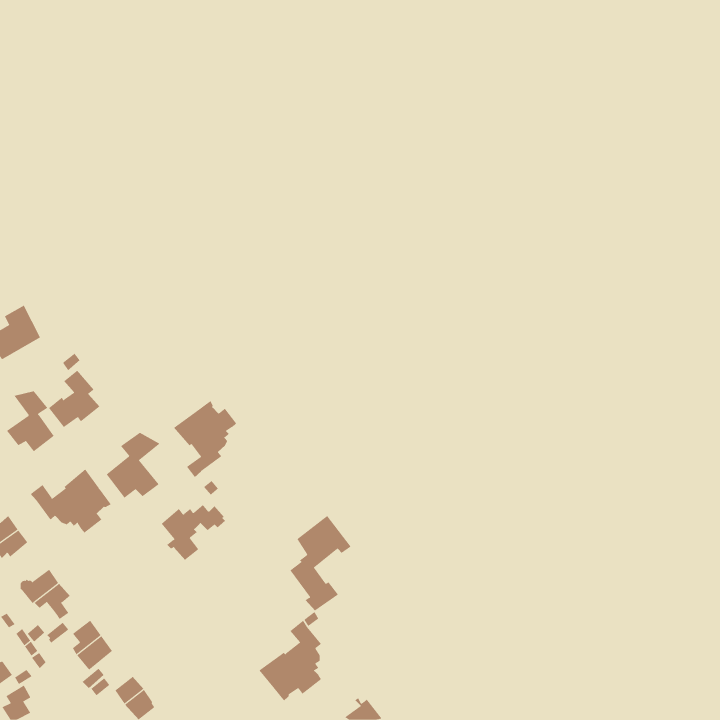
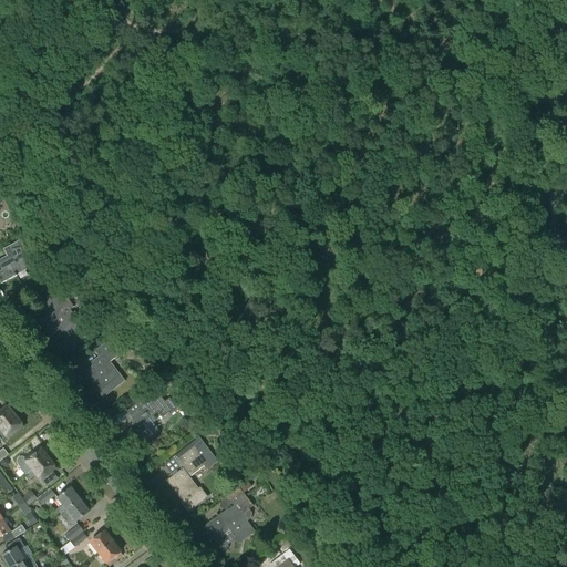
building: [6,391,55,452] -> none
building: [173,400,237,478] -> none
building: [30,468,112,533] -> none
building: [289,515,352,611] -> [168,436,217,512]

